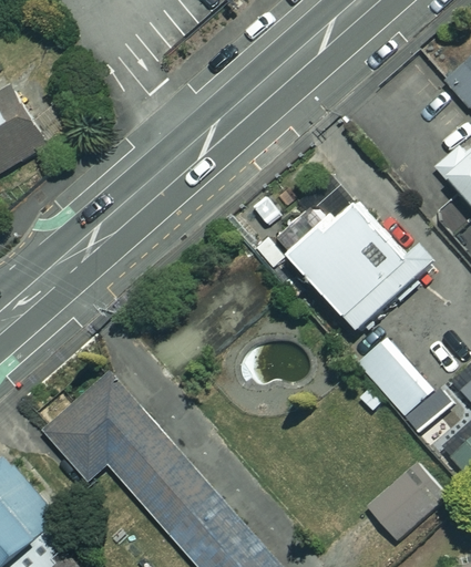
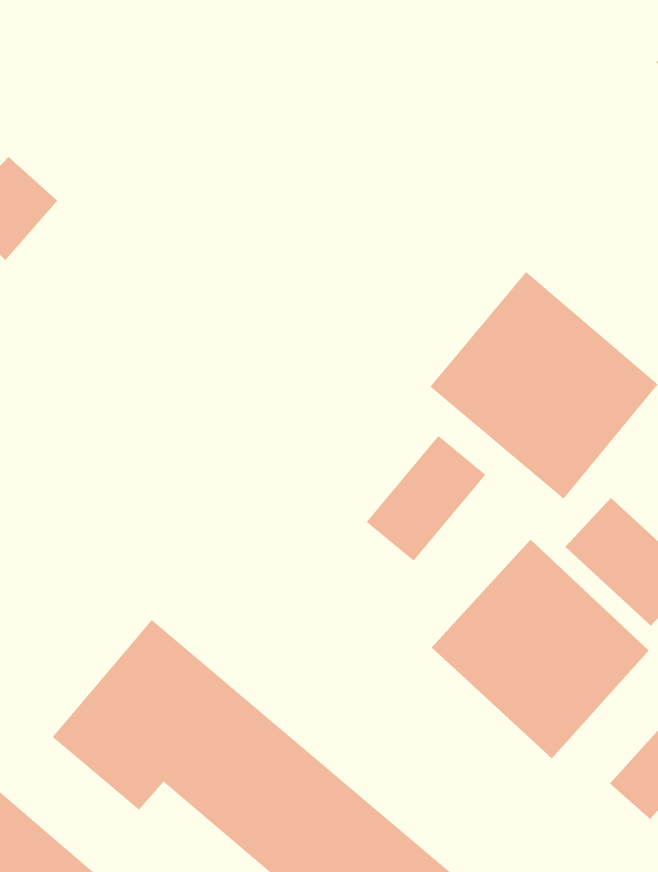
building: none -> [366,435,486,561]
building: none -> [431,539,650,759]

